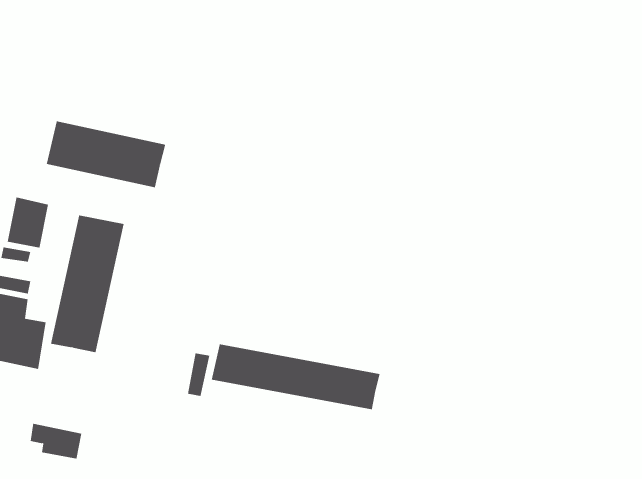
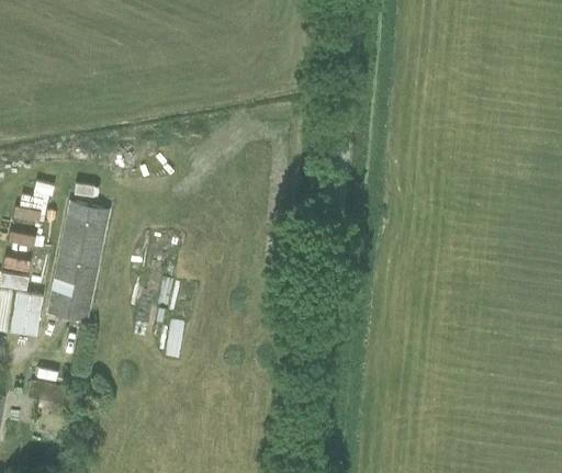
building: [46,120,166,188] -> none
building: [211,343,380,410] -> none

